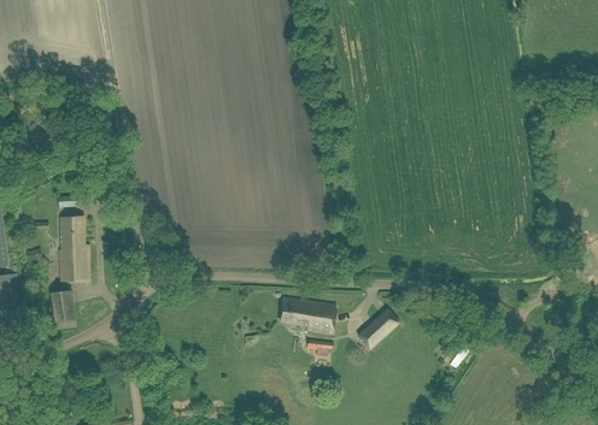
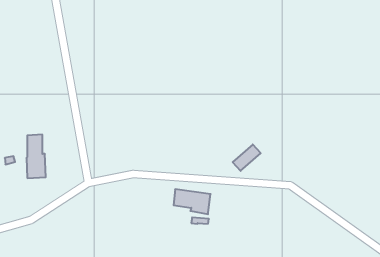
building: [51,290,77,330] -> none
building: [358,309,400,349] -> [233,144,261,171]

